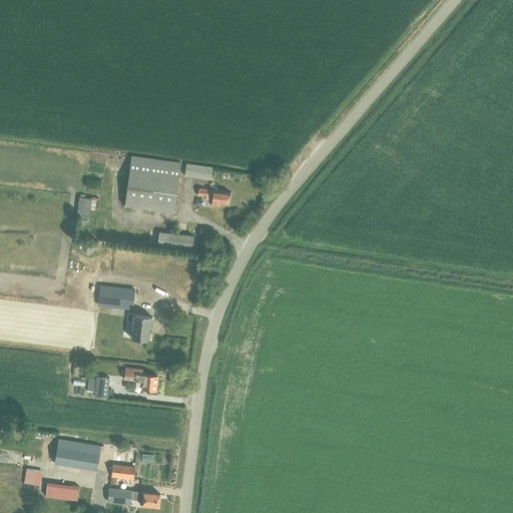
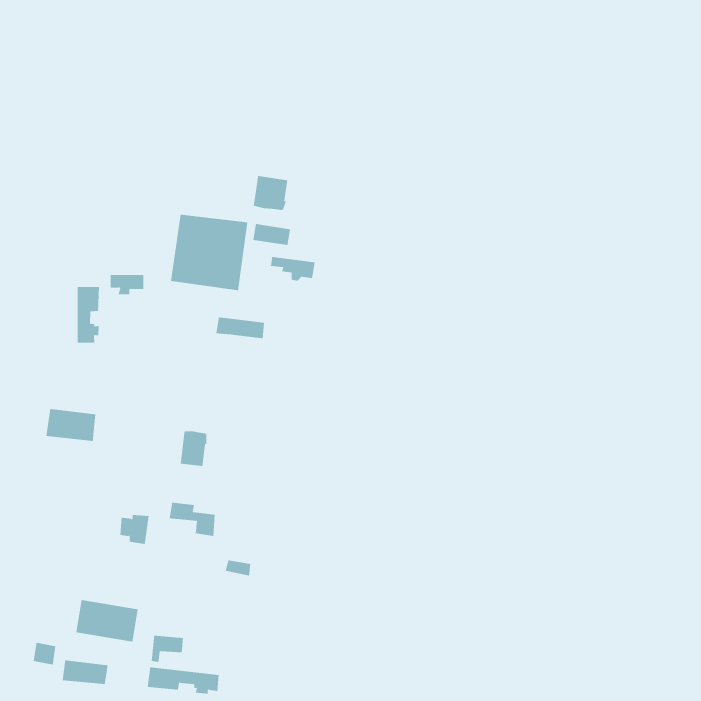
building: none -> [253,175,288,211]
building: none -> [77,286,99,344]
building: [97,285,134,309] -> [45,409,96,442]

